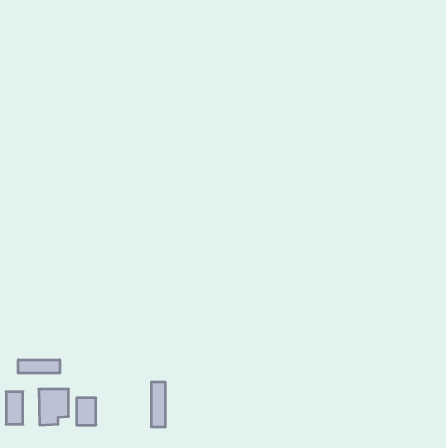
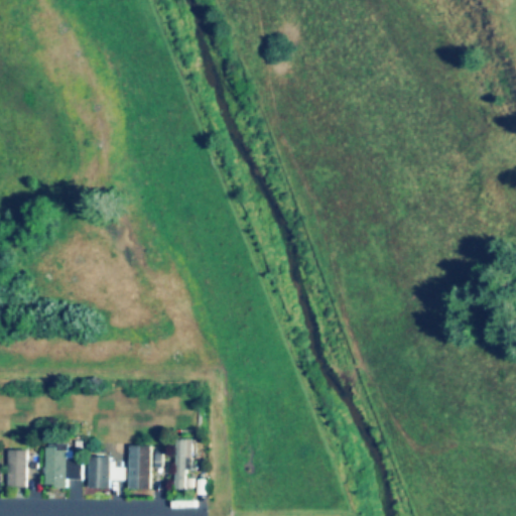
building: [18,360,60,373] -> none
building: none -> [129,445,150,489]

